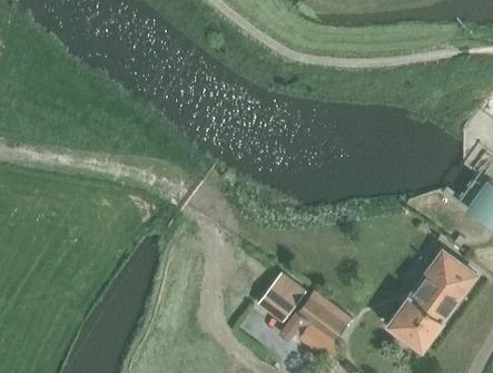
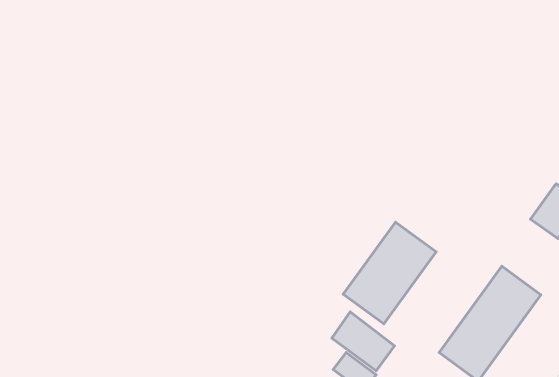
building: none -> [343,222,436,324]
building: [257,279,300,324] -> none

